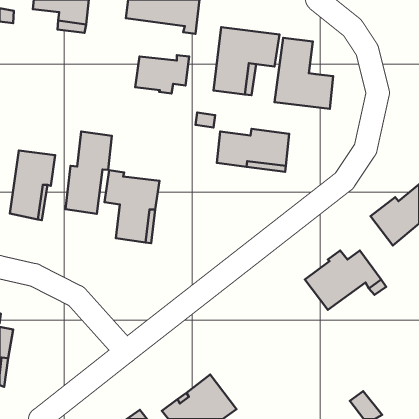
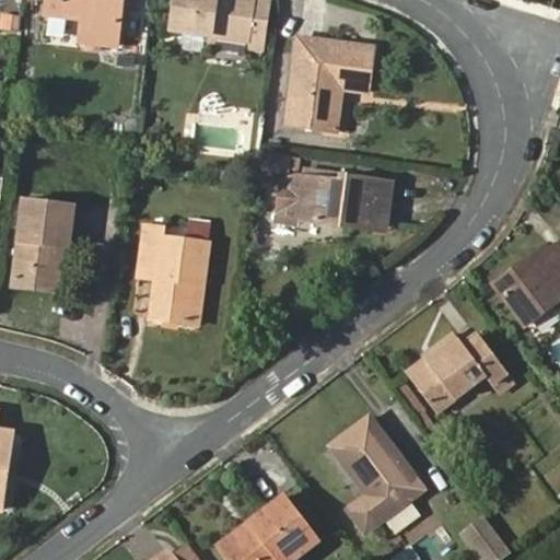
building: [275,38,333,109] -> none
building: [135,55,189,93] -> none
building: [65,131,112,214] -> none
building: none -> [330,422,421,535]

